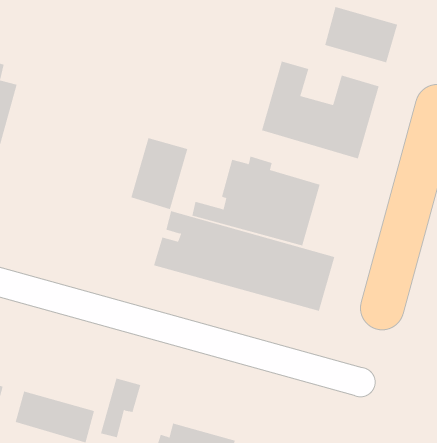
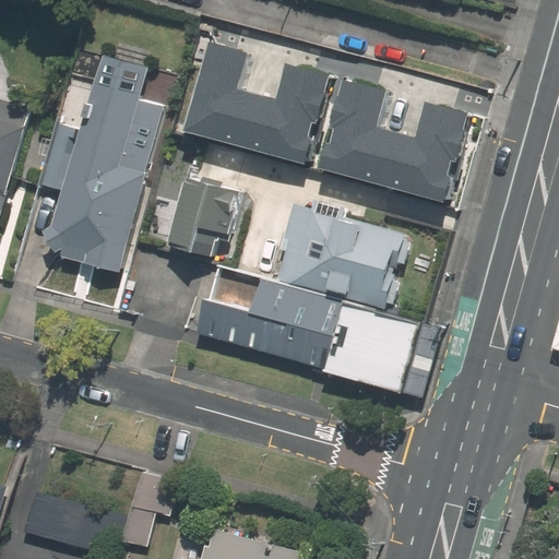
building: [325,6,398,63] -> none
building: none -> [186,41,334,165]
building: none -> [35,56,158,272]

